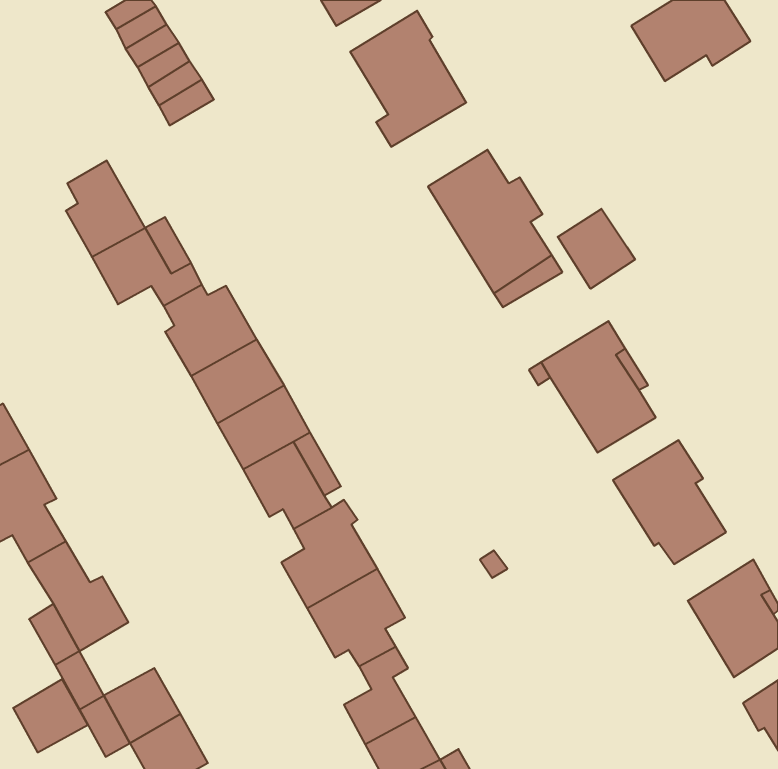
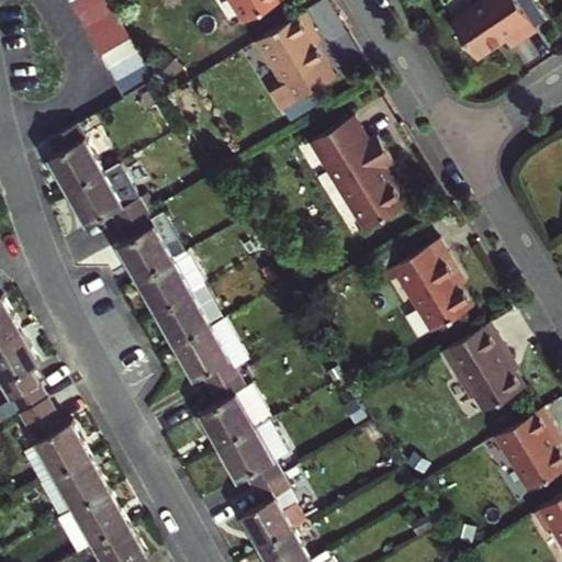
building: [558,209,635,289] -> none
building: [13,679,88,752] -> [57,456,111,508]

